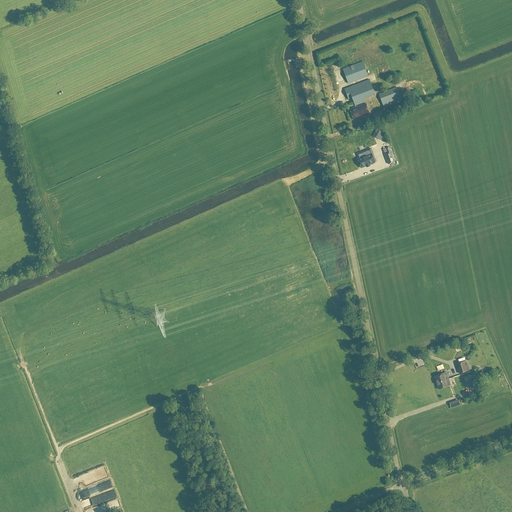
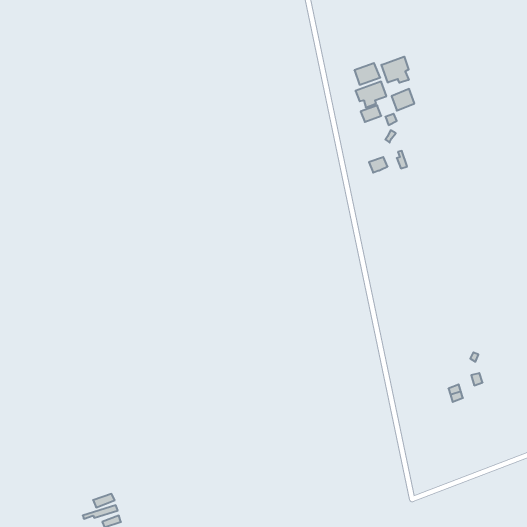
building: none -> [381,57,409,83]

